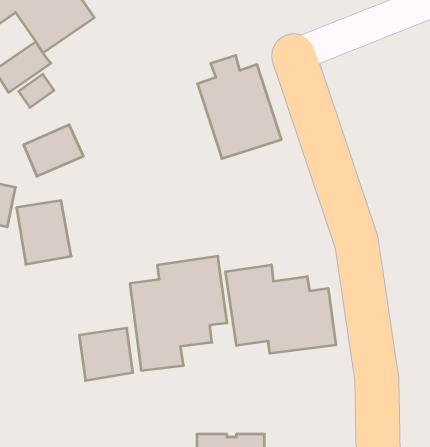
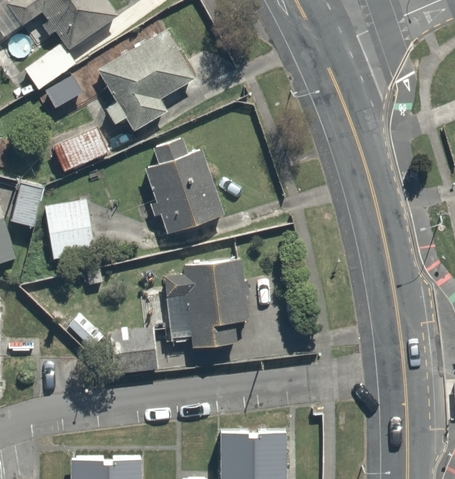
building: none -> [98,29,195,132]
building: [197,55,281,159] -> [141,136,224,238]
building: [225,265,336,353] -> none

